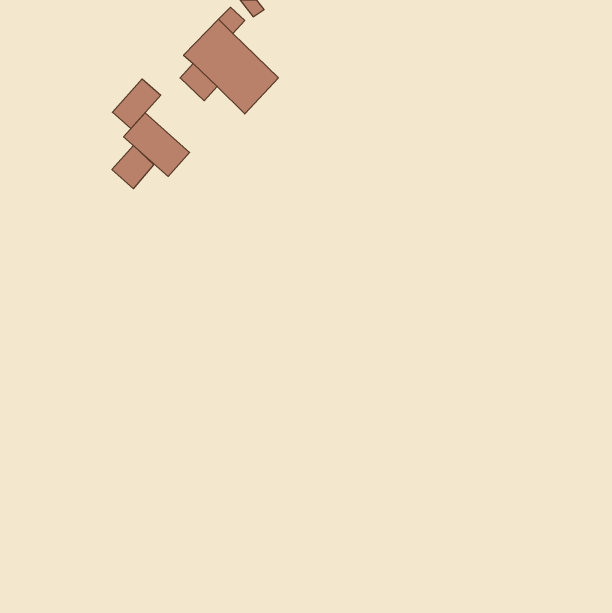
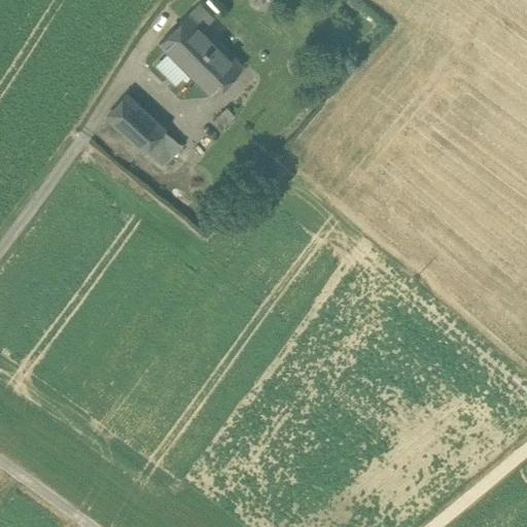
building: [112,79,161,129] -> none
building: [112,146,154,189] -> [145,131,181,168]

